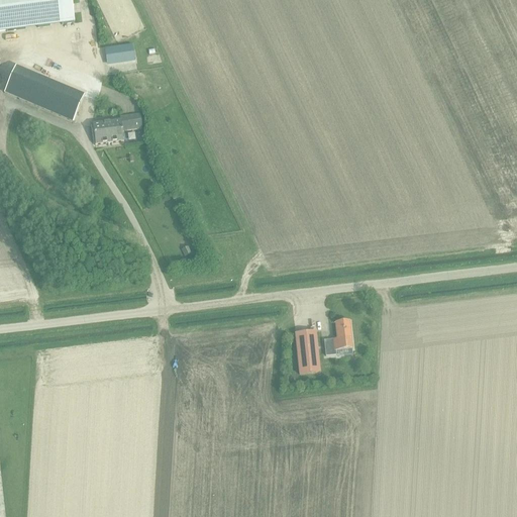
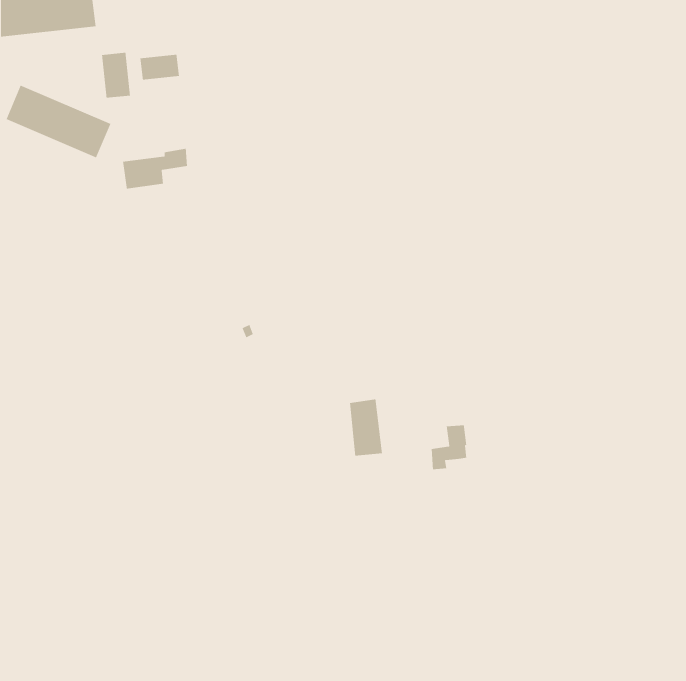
building: none -> [101,52,131,98]
building: [295,328,320,372] -> [349,399,383,456]

